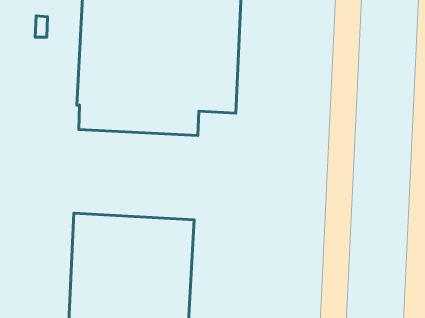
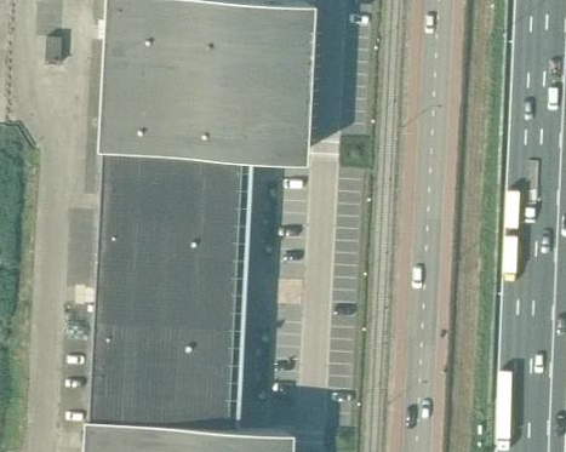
building: none -> [97,184,252,297]

